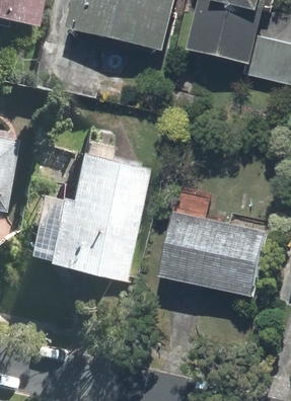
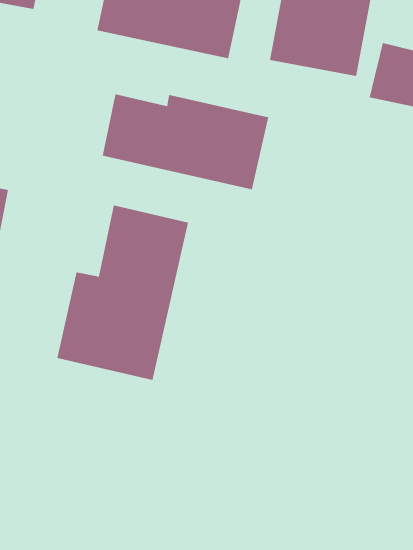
building: none -> [102,94,269,190]
building: [161,220,266,292] -> none

